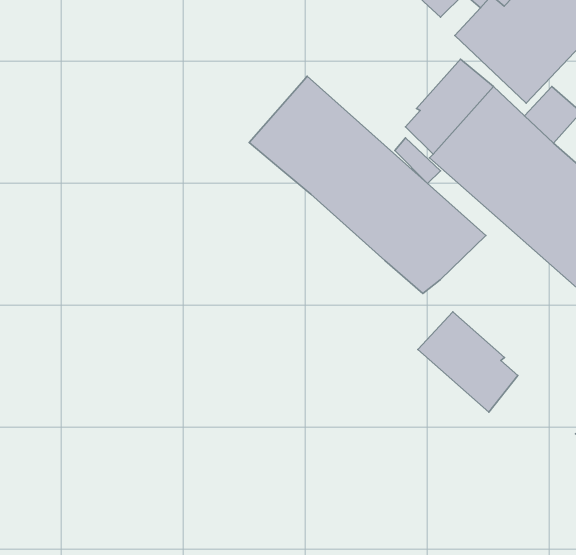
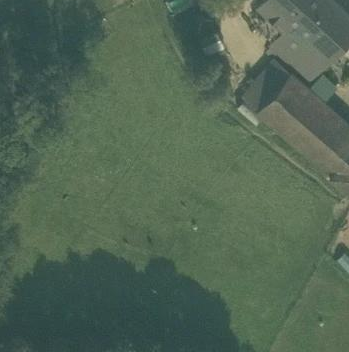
building: [249,76,486,293] -> none
building: [418,312,518,412] -> none

